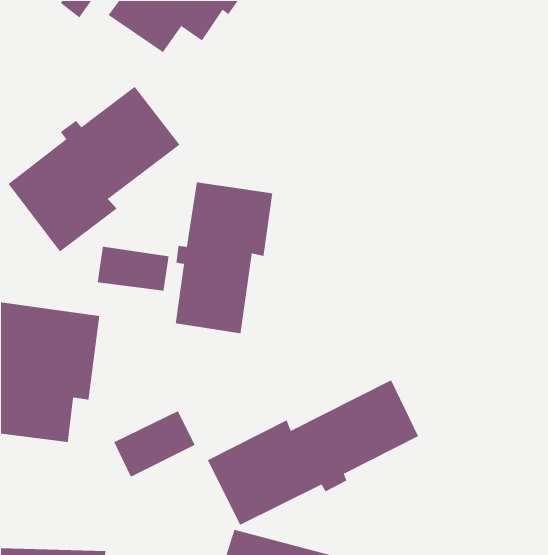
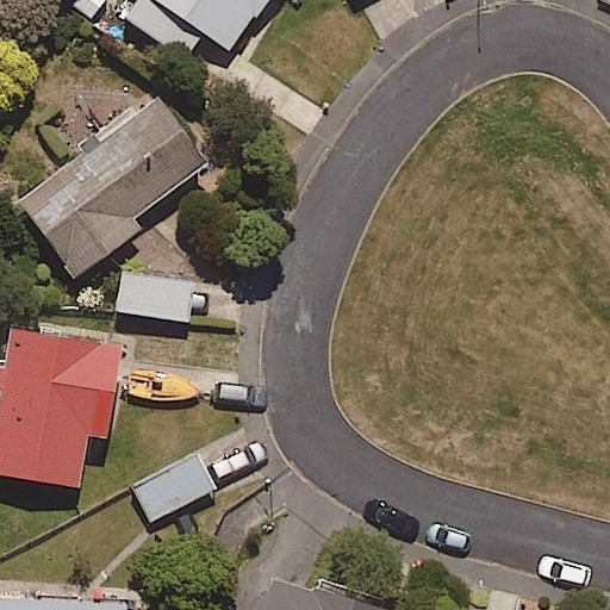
building: [175,182,273,334] -> none
building: [207,379,419,526] -> none

